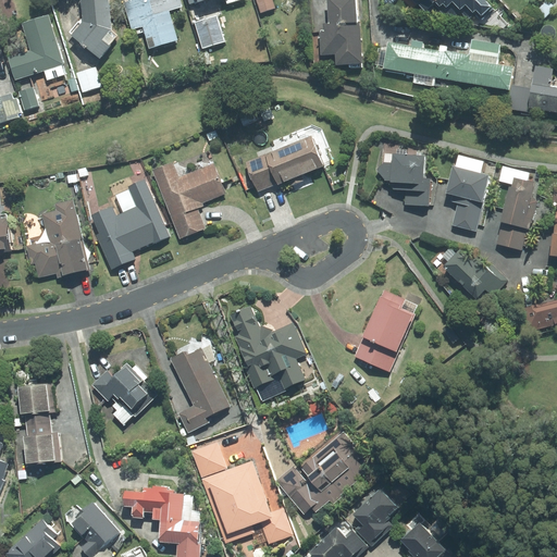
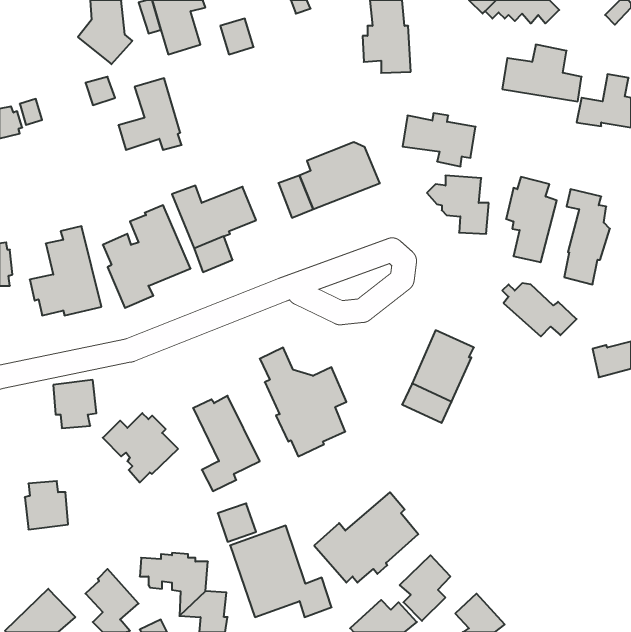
building: [8,16,63,79] -> [118,78,182,150]
building: [382,39,446,86] -> [403,113,476,166]
building: [17,383,55,425] -> [53,380,96,428]

